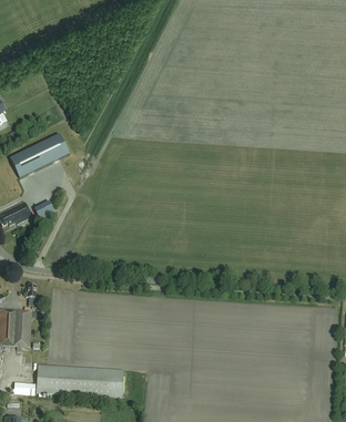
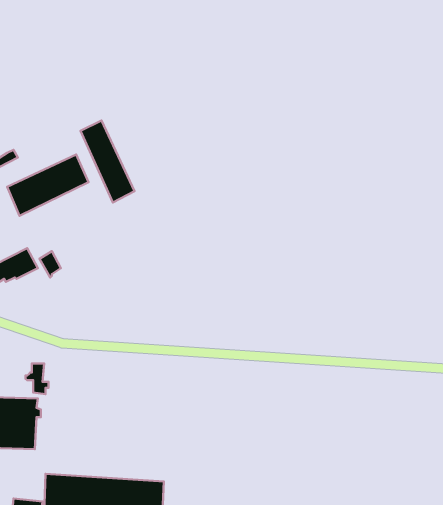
building: none -> [81,120,134,202]

